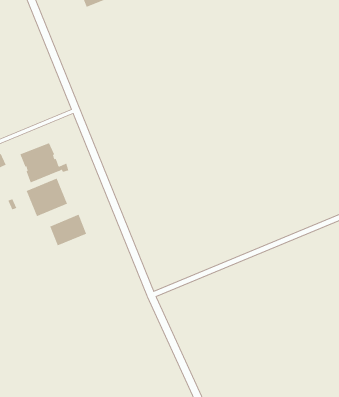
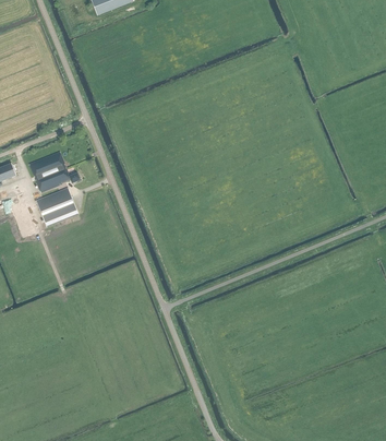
building: [49,214,87,246] -> none

